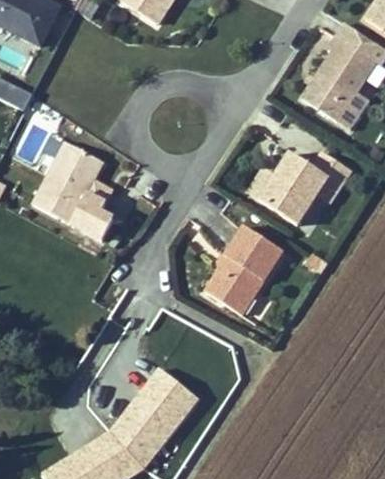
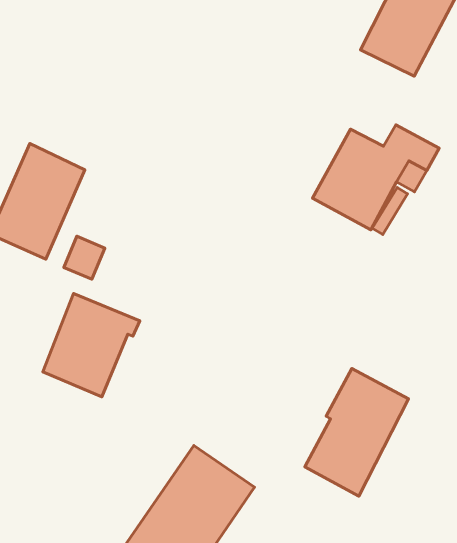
building: [204,228,281,318] -> [305,368,409,496]
building: none -> [43,293,140,397]

